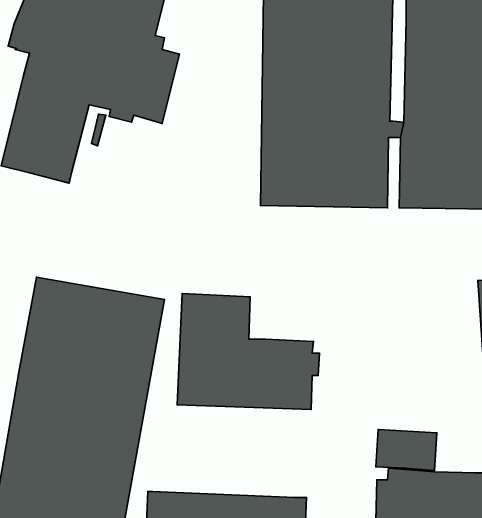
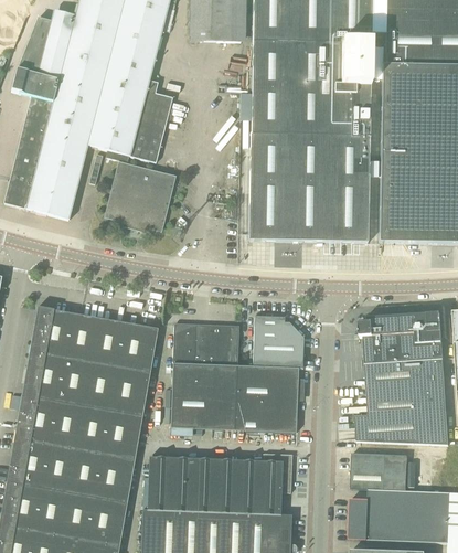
building: none -> [104,161,175,233]
building: none -> [355,312,448,445]
building: none -> [253,317,303,369]
building: none -> [147,454,291,515]

